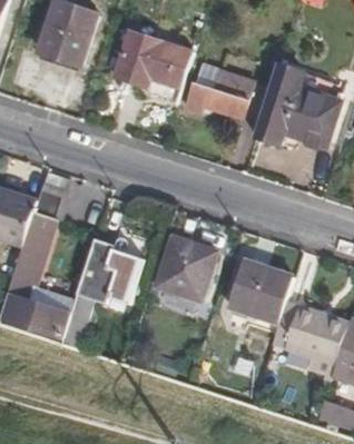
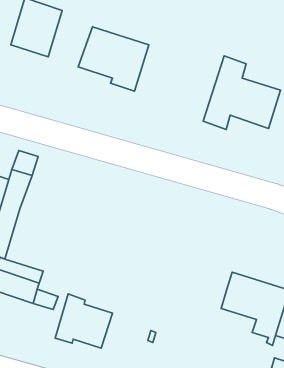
building: [187,62,255,116] -> none
building: [81,238,145,298] -> [55,294,112,348]
building: [158,238,217,299] -> none
building: [228,259,294,320] -> none

